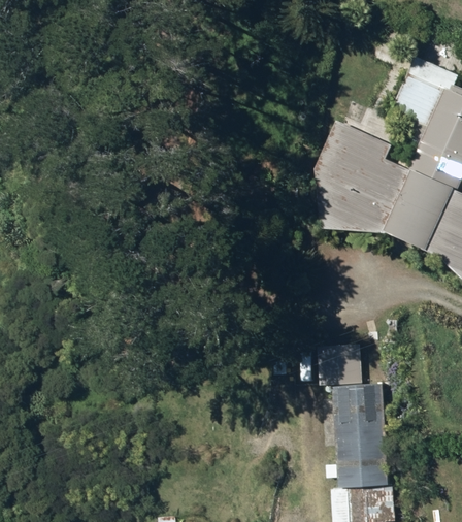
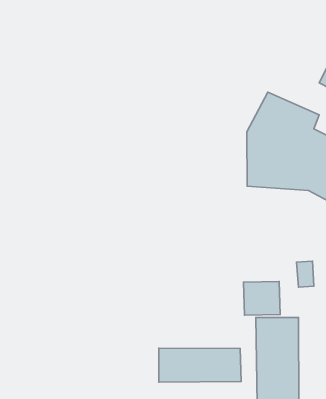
building: none -> [159,348,241,382]

